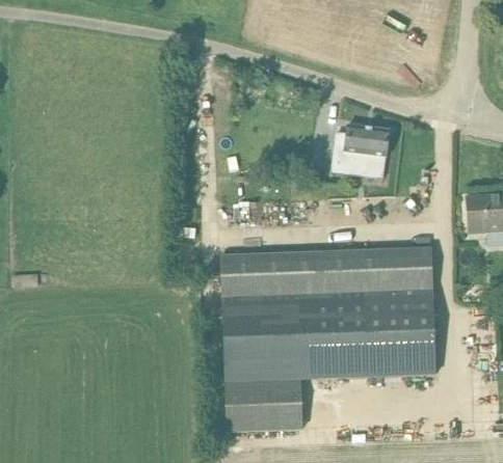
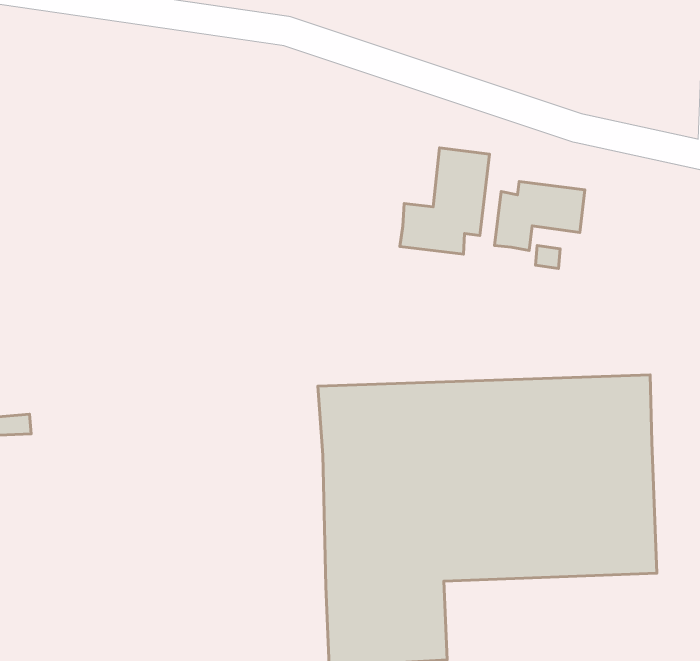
building: none -> [400,148,489,254]

